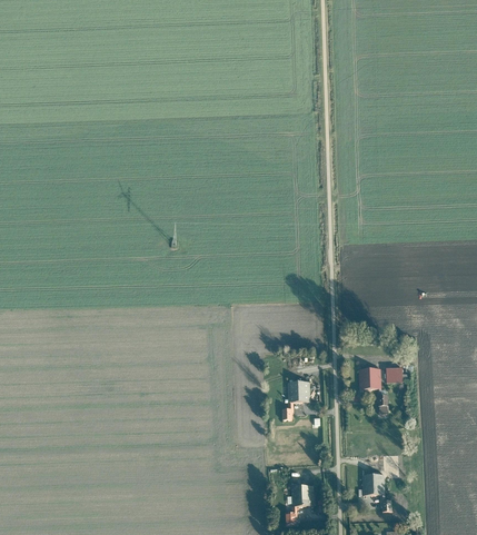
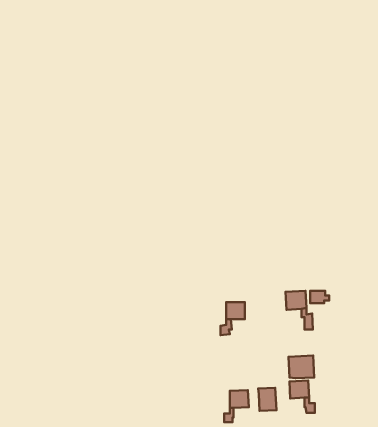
building: none -> [289,355,314,378]
building: none -> [258,388,276,411]

